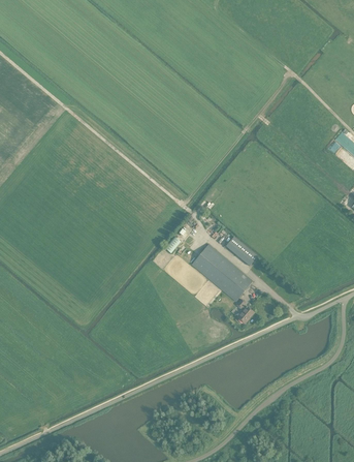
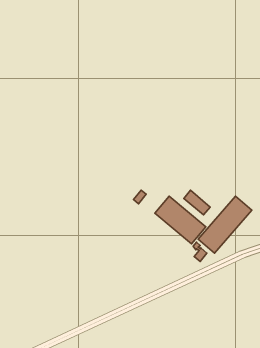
building: none -> [198,196,252,253]

